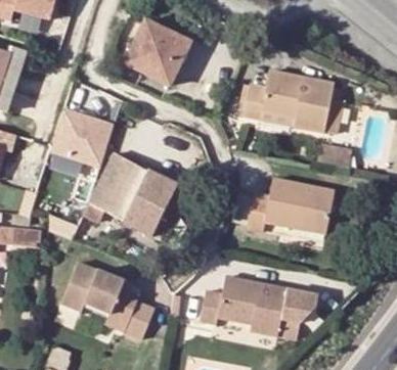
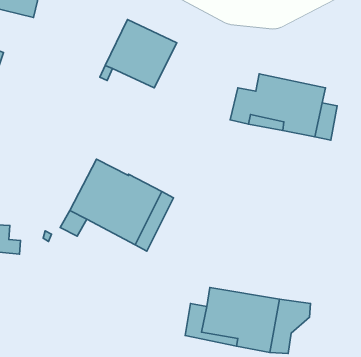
building: [49,106,112,164] -> none
building: [246,179,334,233] -> none
building: [57,260,152,336] -> none

